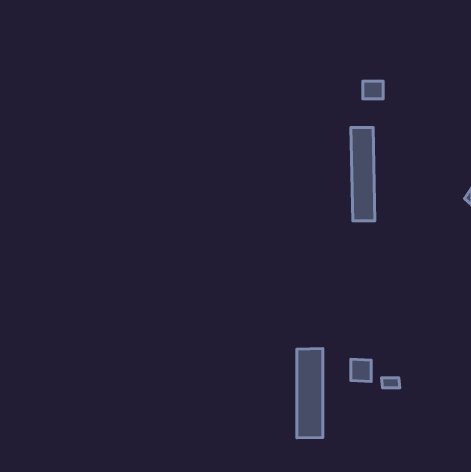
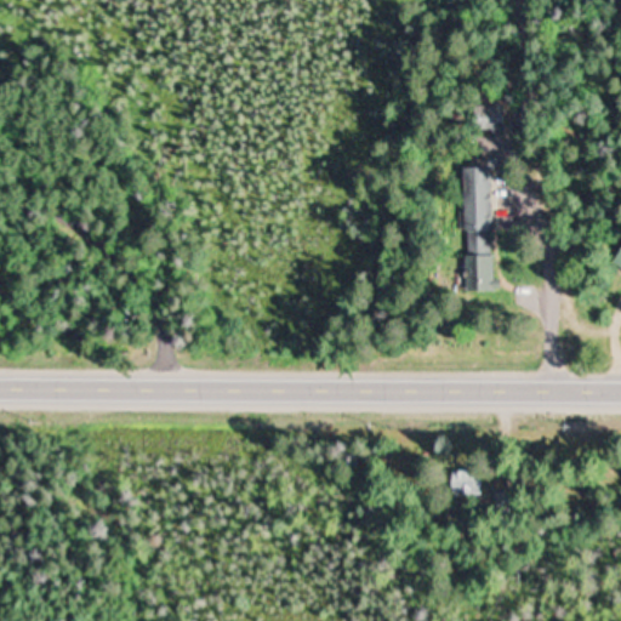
building: [297,349,323,438] -> none

